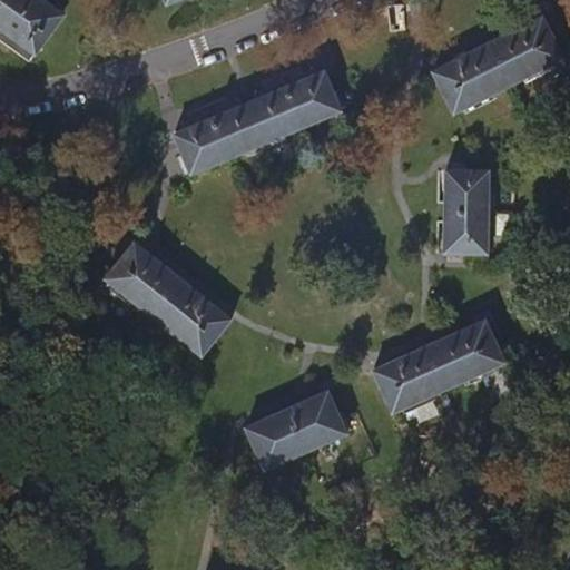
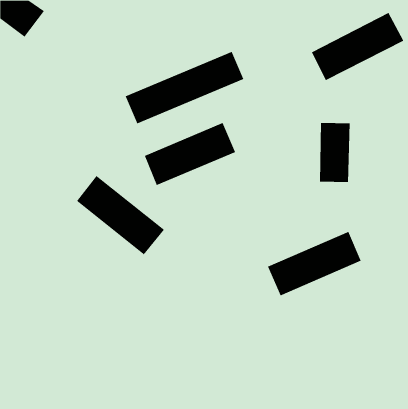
building: none -> [144,122,236,186]
building: [246,392,345,470] -> none

